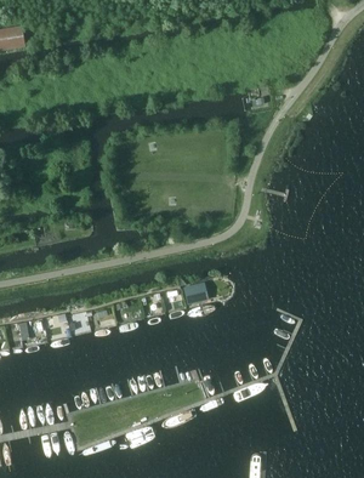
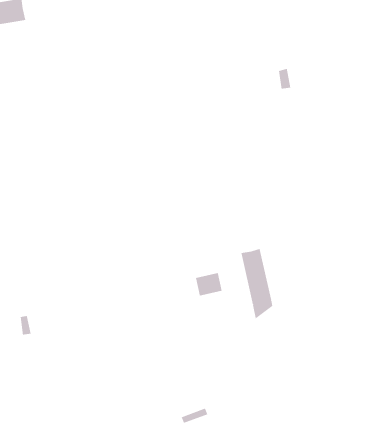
building: none -> [241,248,273,319]

